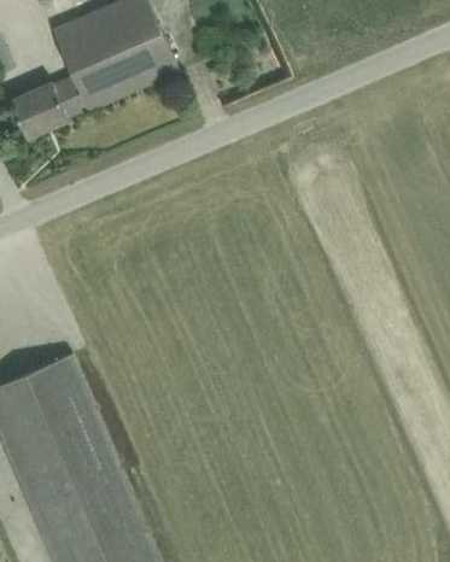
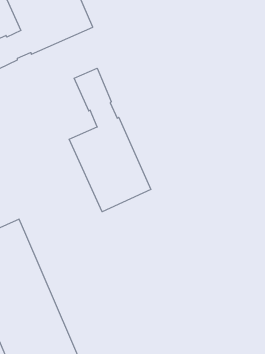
building: none -> [69,68,151,212]

